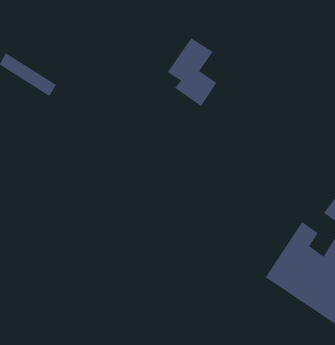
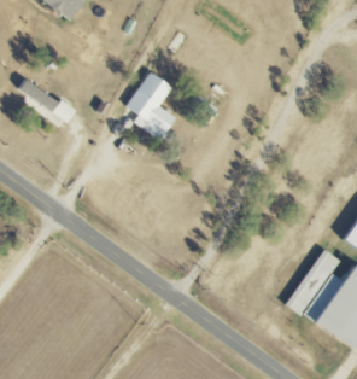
building: [167,38,217,107] -> [125,70,176,140]

